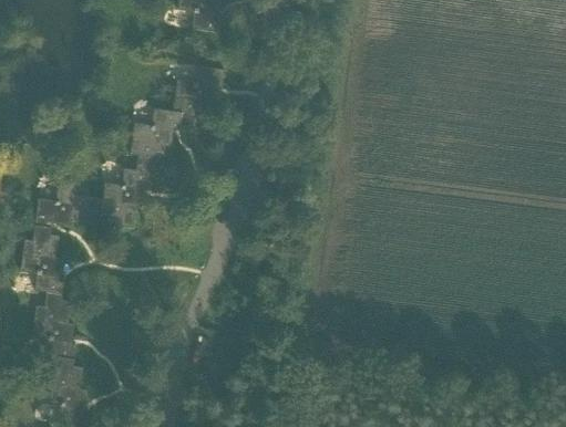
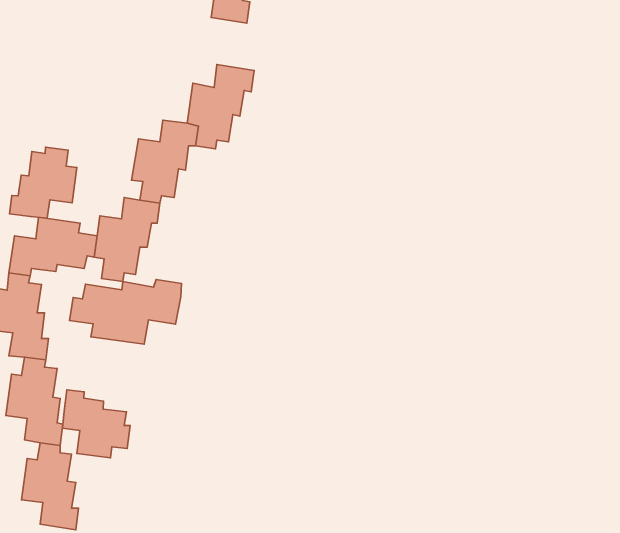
building: none -> [10,147,77,218]
building: none -> [69,279,182,344]
building: none -> [63,390,130,458]

